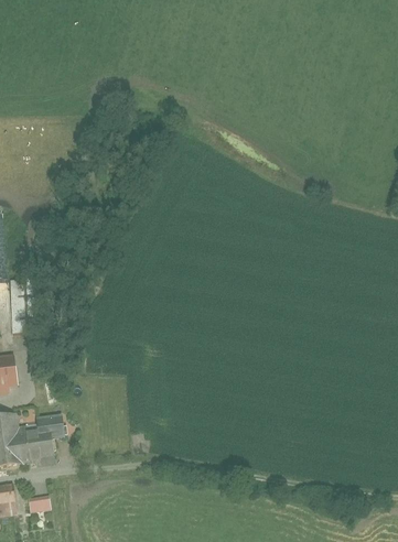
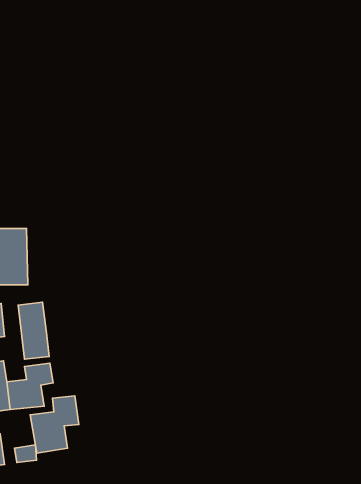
building: none -> [18,302,49,359]
building: none -> [30,396,79,453]

